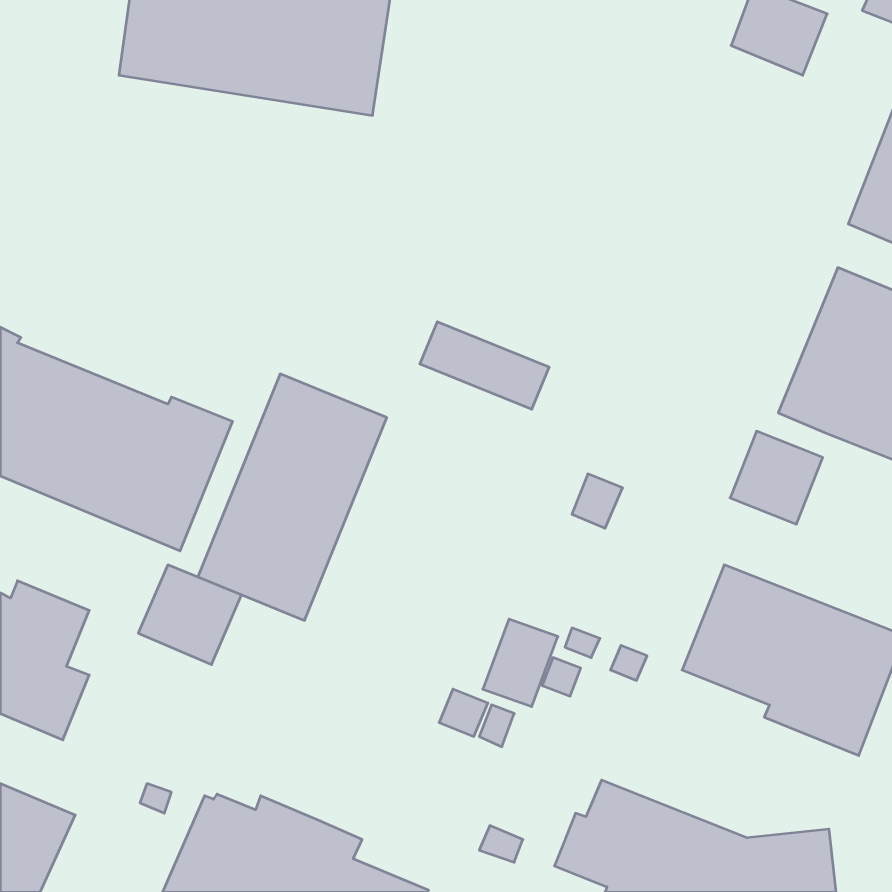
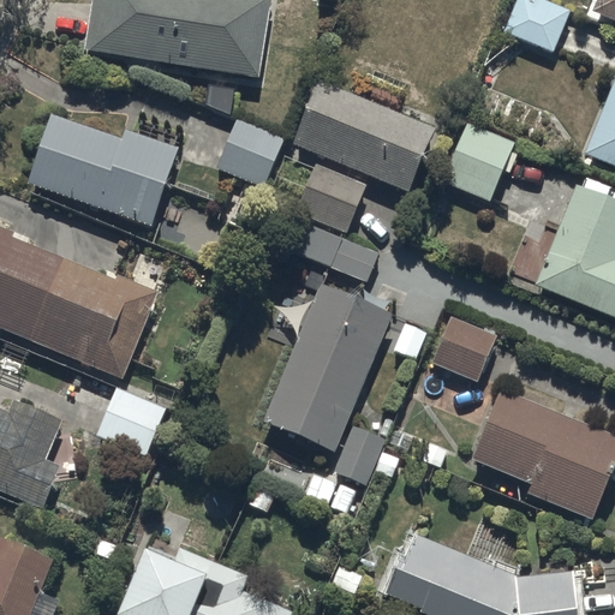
building: none -> [291,79,434,192]
building: none -> [28,113,179,225]
building: none -> [215,118,283,187]
building: none -> [441,121,514,201]
building: none -> [294,163,364,233]
building: [198,374,387,620] -> [261,282,390,452]
building: [730,431,823,524] -> [431,317,495,381]

